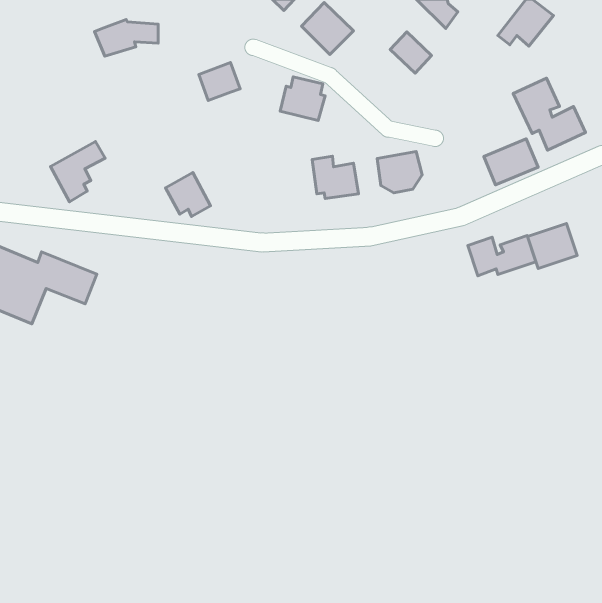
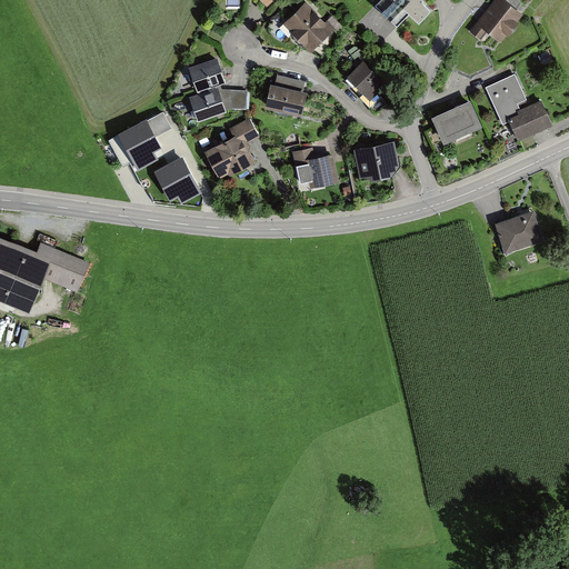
building: [94,20,158,56] -> [187,87,247,121]
building: [390,32,432,73] -> [346,61,385,100]
building: none -> [204,119,257,180]
building: [484,139,538,185] -> [430,101,481,144]
building: [51,142,105,202] -> [119,113,170,170]
building: [468,236,536,276] -> none

